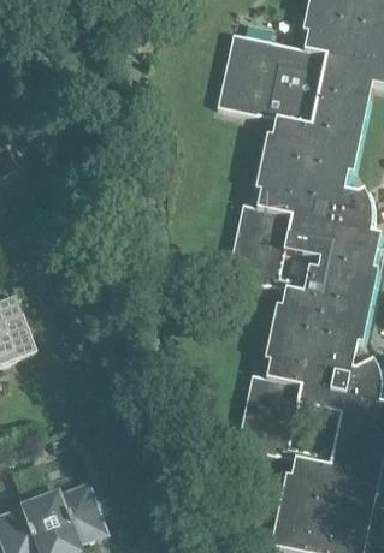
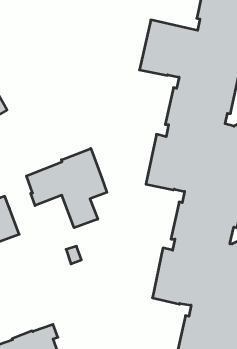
building: none -> [26,148,107,228]

